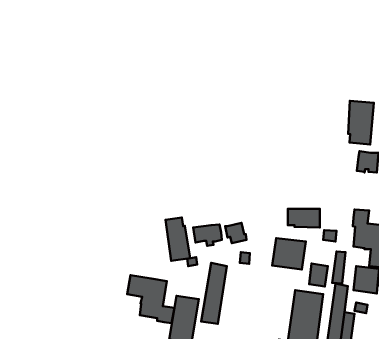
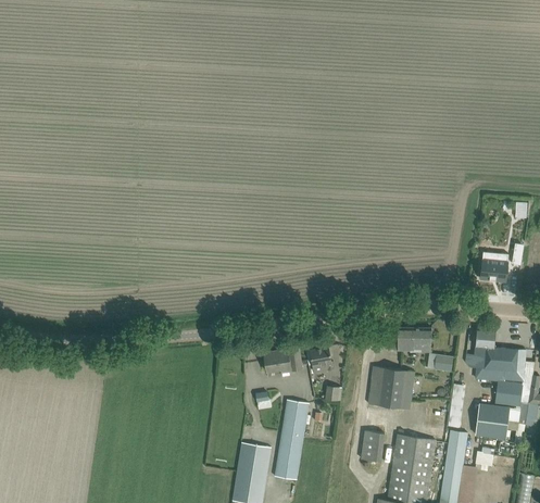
building: [348,101,374,144] -> none
building: [165,218,190,261] -> none
building: [309,264,328,287] -> [360,431,385,462]
building: [127,275,175,323] -> none

